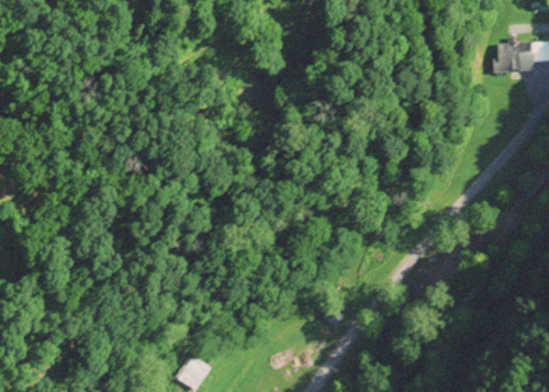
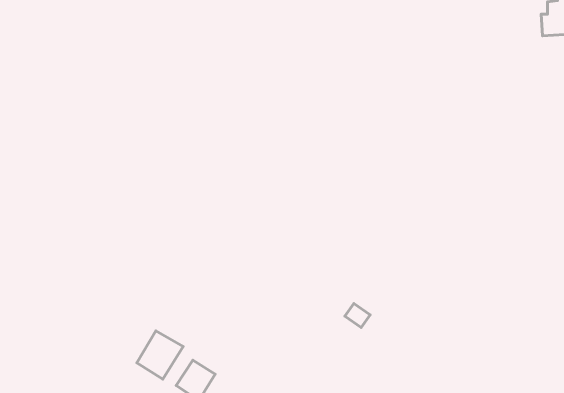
building: none -> [137,331,183,379]

